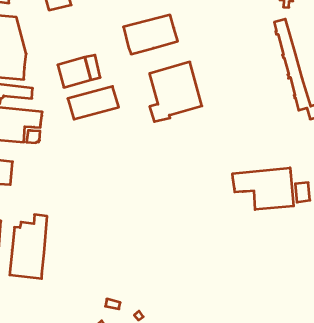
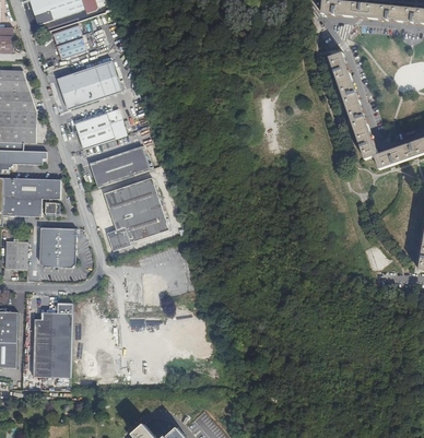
building: [123,15,178,54] -> [57,61,122,110]
building: [150,62,202,122] -> [104,176,168,249]
building: none -> [39,226,75,267]
building: [233,168,294,210] -> none

